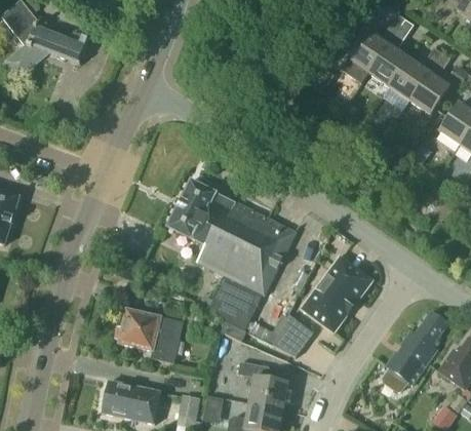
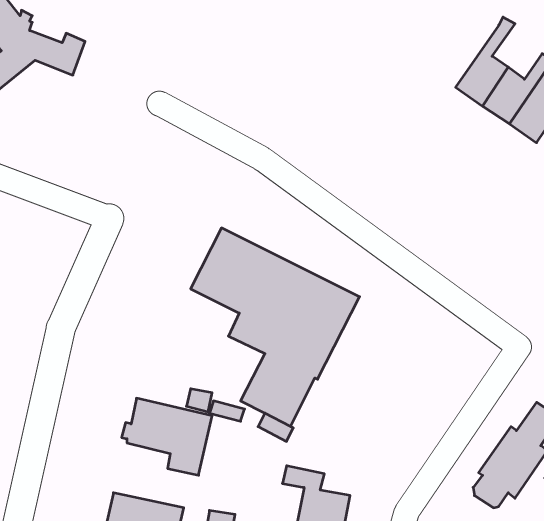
building: [340,19,401,83] -> none
building: [304,258,369,329] -> none
building: [273,314,313,356] -> none

